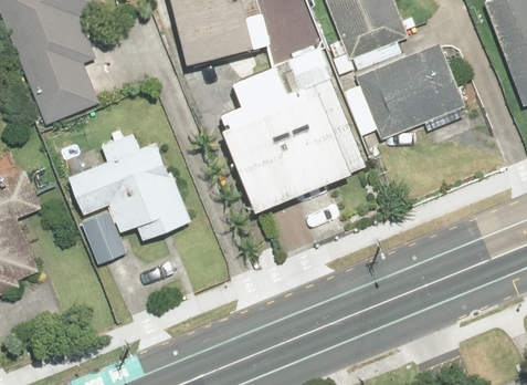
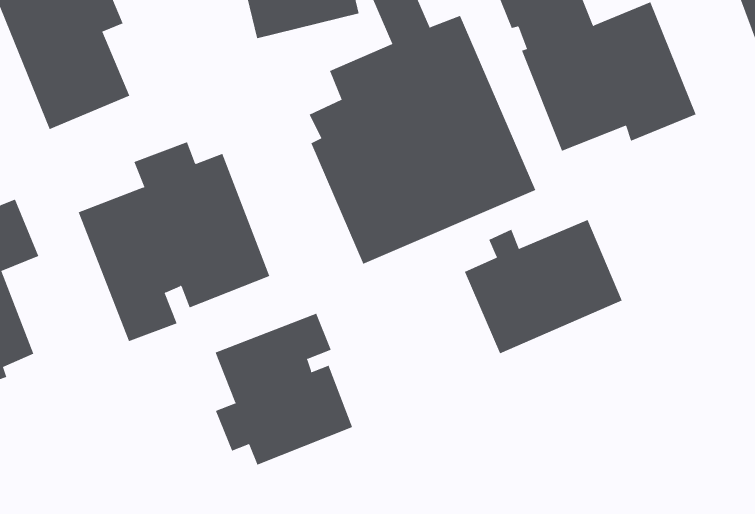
building: none -> [464,219,623,354]
building: none -> [215,313,353,466]

